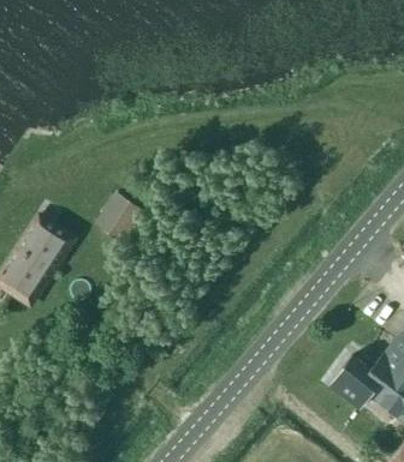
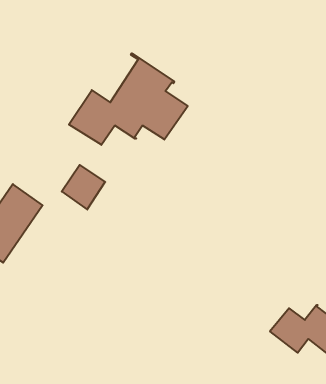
building: none -> [69,53,188,145]

